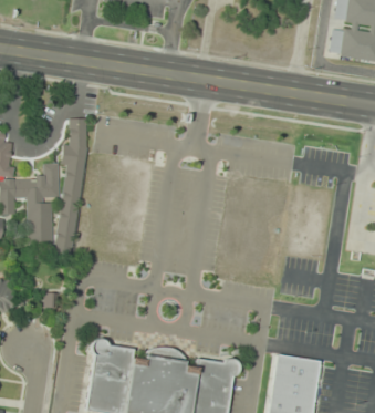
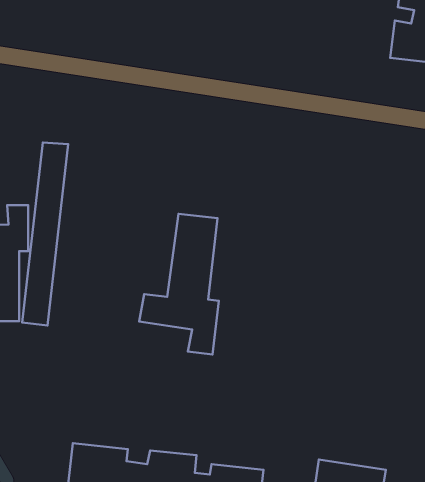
building: none -> [139,214,219,354]

